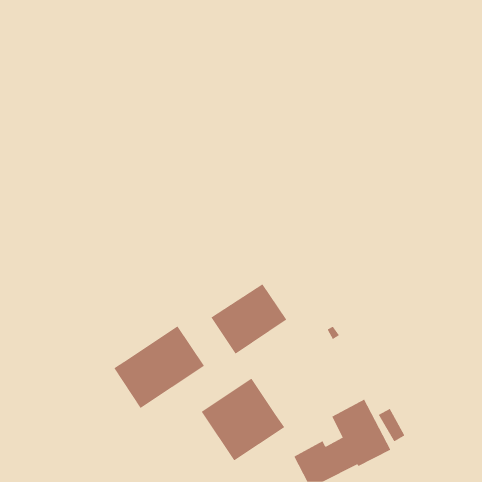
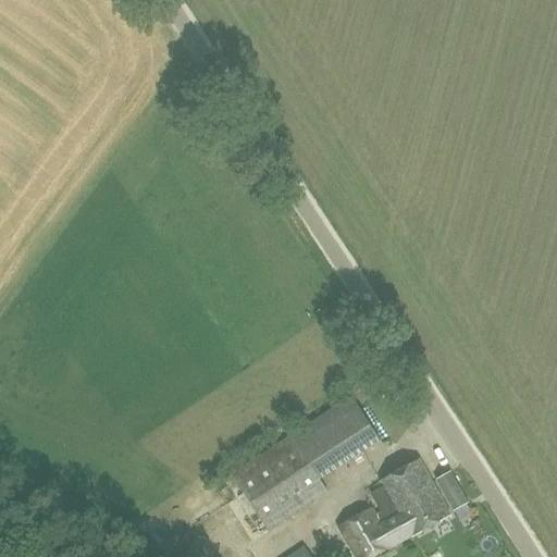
building: [211,283,287,354] -> [289,395,377,476]
building: [113,325,205,409] -> none

